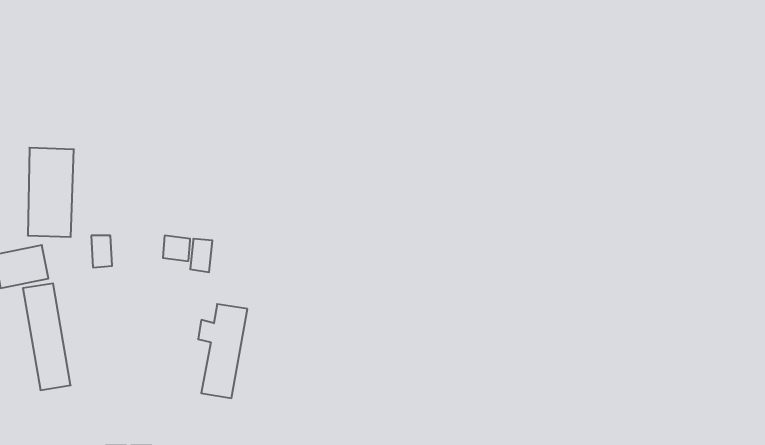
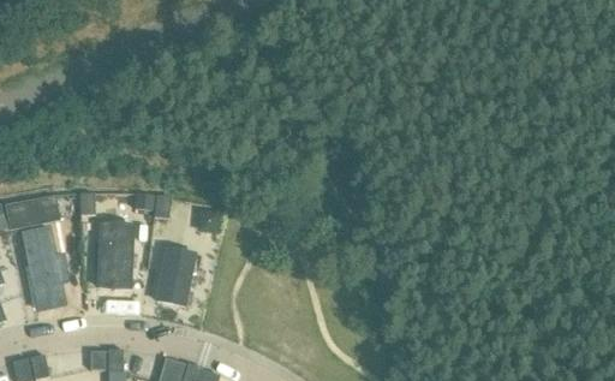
building: [28,148,74,237] -> [96,225,131,292]

